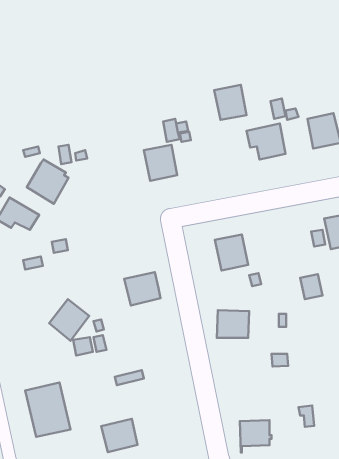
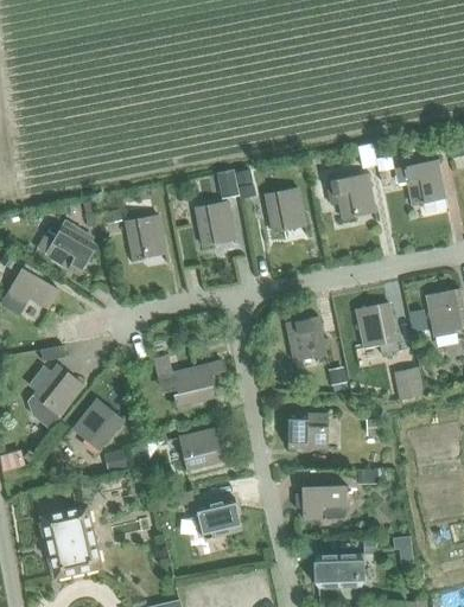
building: [214,85,246,120] -> [263,187,305,232]
building: none -> [123,213,166,260]
building: none -> [355,302,399,353]
building: none -> [27,364,84,428]
building: none -> [178,427,225,471]
building: none -> [301,485,347,519]
building: [101,419,137,452] -> [195,496,241,538]

